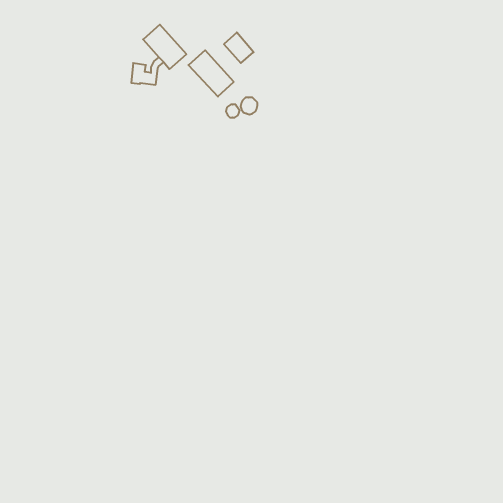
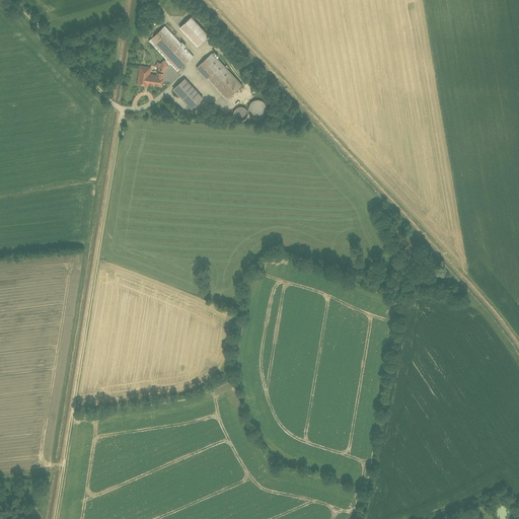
building: [224,32,254,63] -> [177,16,208,48]
building: none -> [171,77,203,109]

